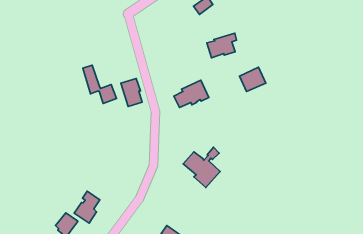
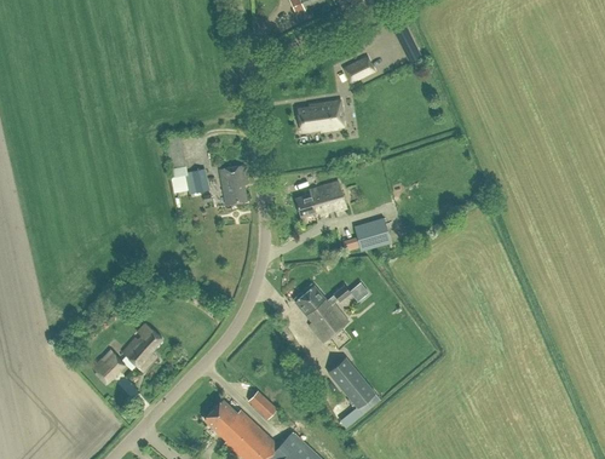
building: [207,33,237,58] -> [298,101,342,132]
building: [240,67,266,92] -> [353,217,391,251]
building: none -> [329,356,378,407]

